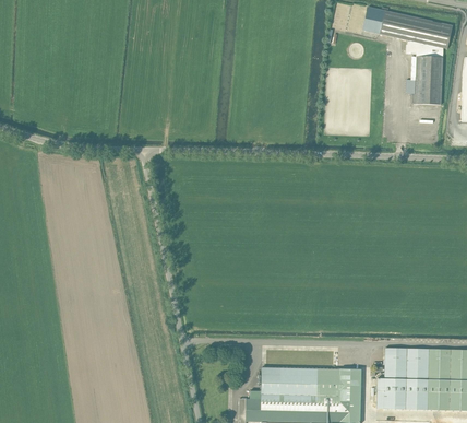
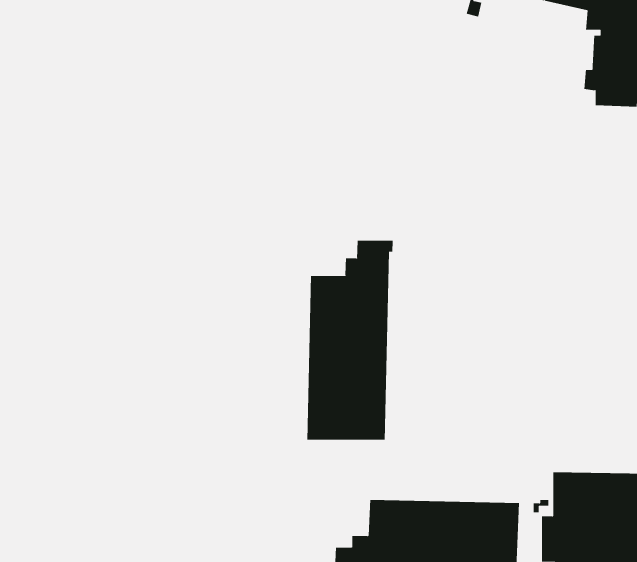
building: none -> [307,240,393,440]

